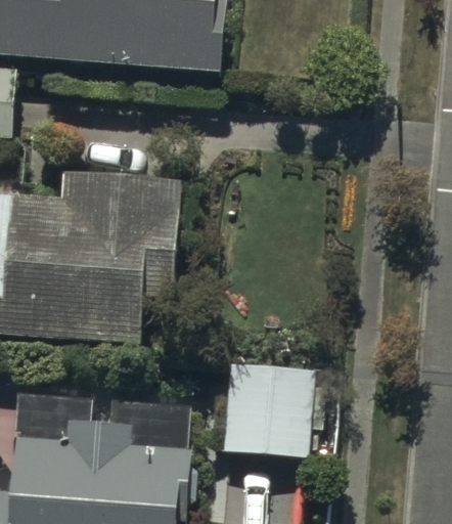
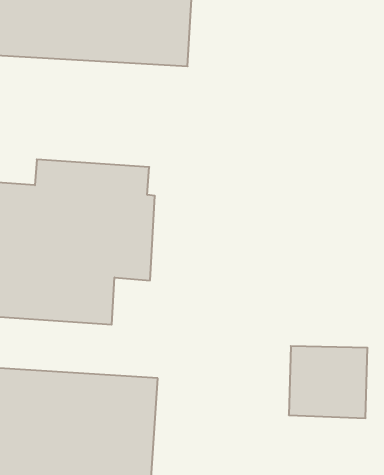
building: [223,376,307,452] -> [289,346,368,418]

